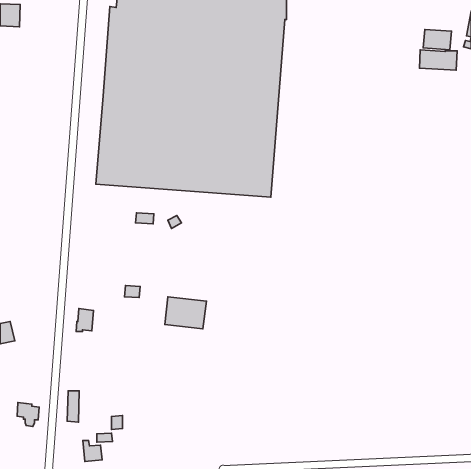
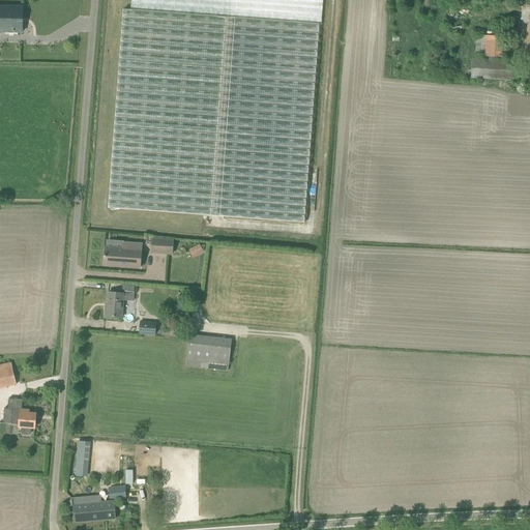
building: none -> [104,241,142,266]
building: [76,309,94,332] -> [105,291,124,317]
building: [17,402,39,426] -> [11,407,36,434]
building: none -> [72,495,95,521]

